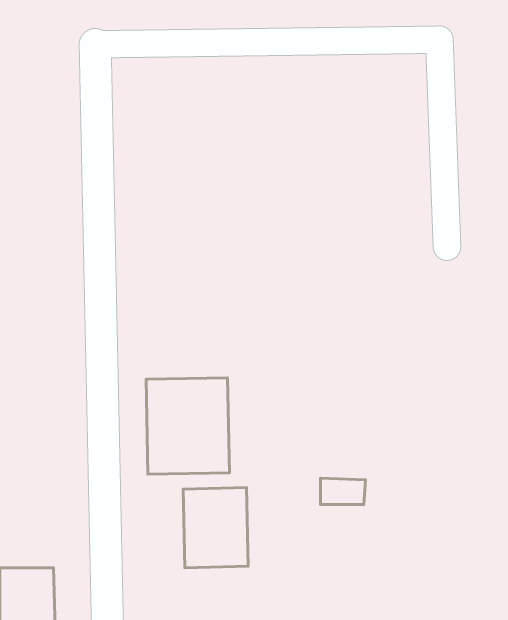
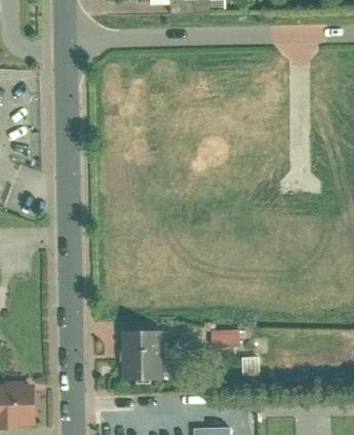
building: [146,378,229,474] -> none

